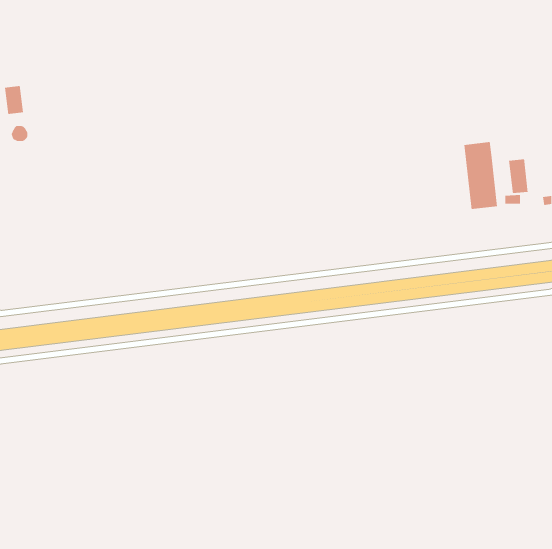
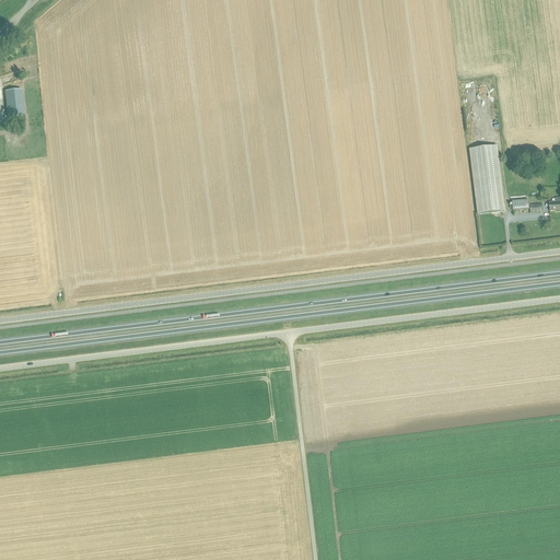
building: [509,159,528,194] -> none

